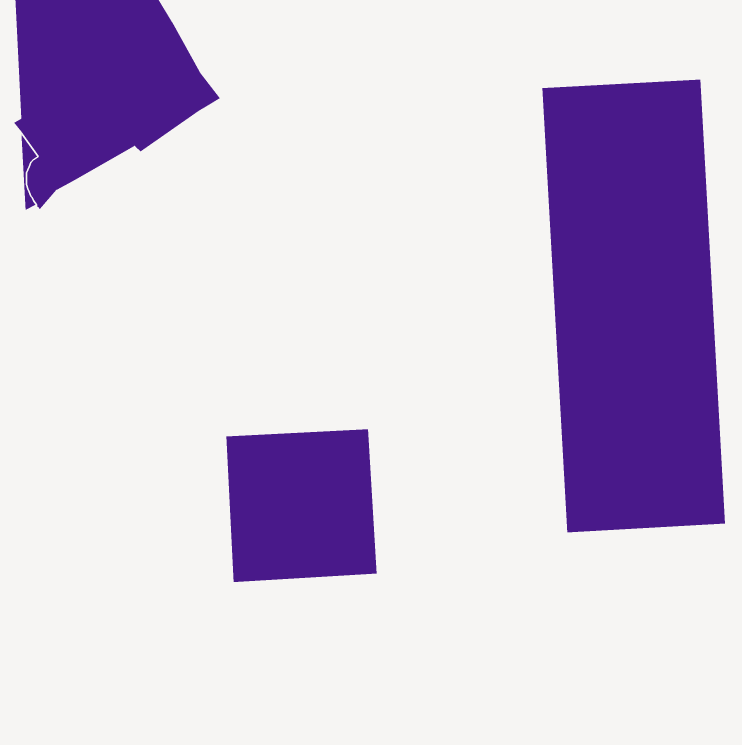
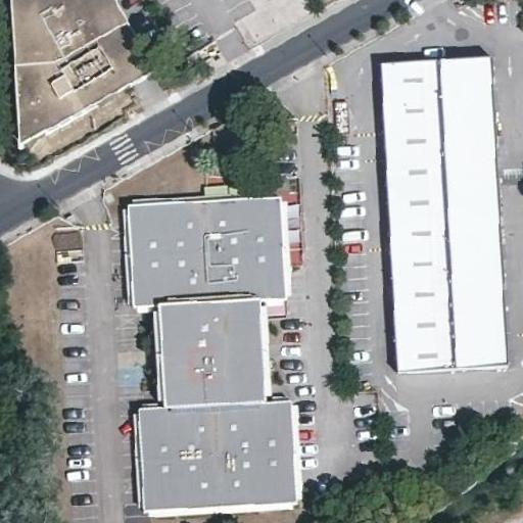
building: none -> [126,195,283,306]
building: none -> [138,399,296,511]

